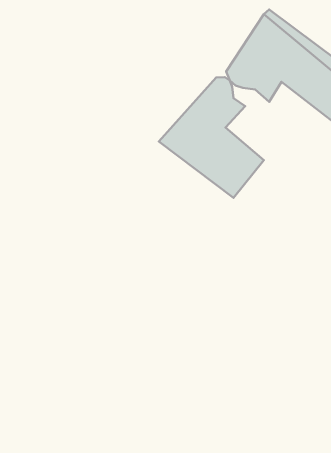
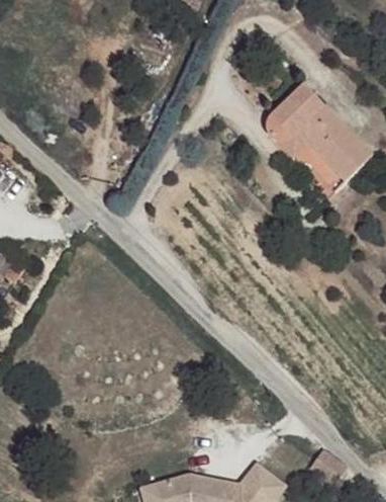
building: [159,77,264,198] -> none

